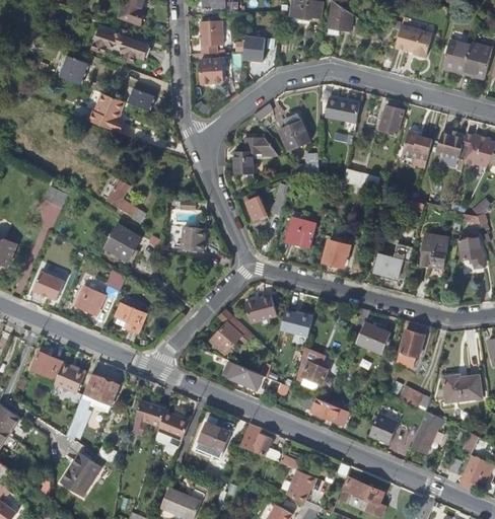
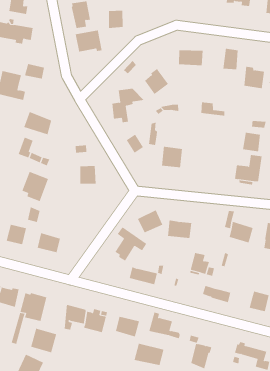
building: none -> [23,111,52,135]
building: none -> [243,132,261,152]
building: [323,240,351,267] -> none
building: none -> [31,328,57,353]
building: none -> [134,343,164,366]

